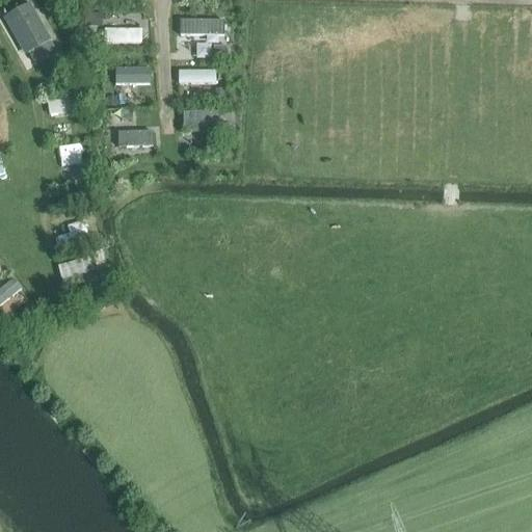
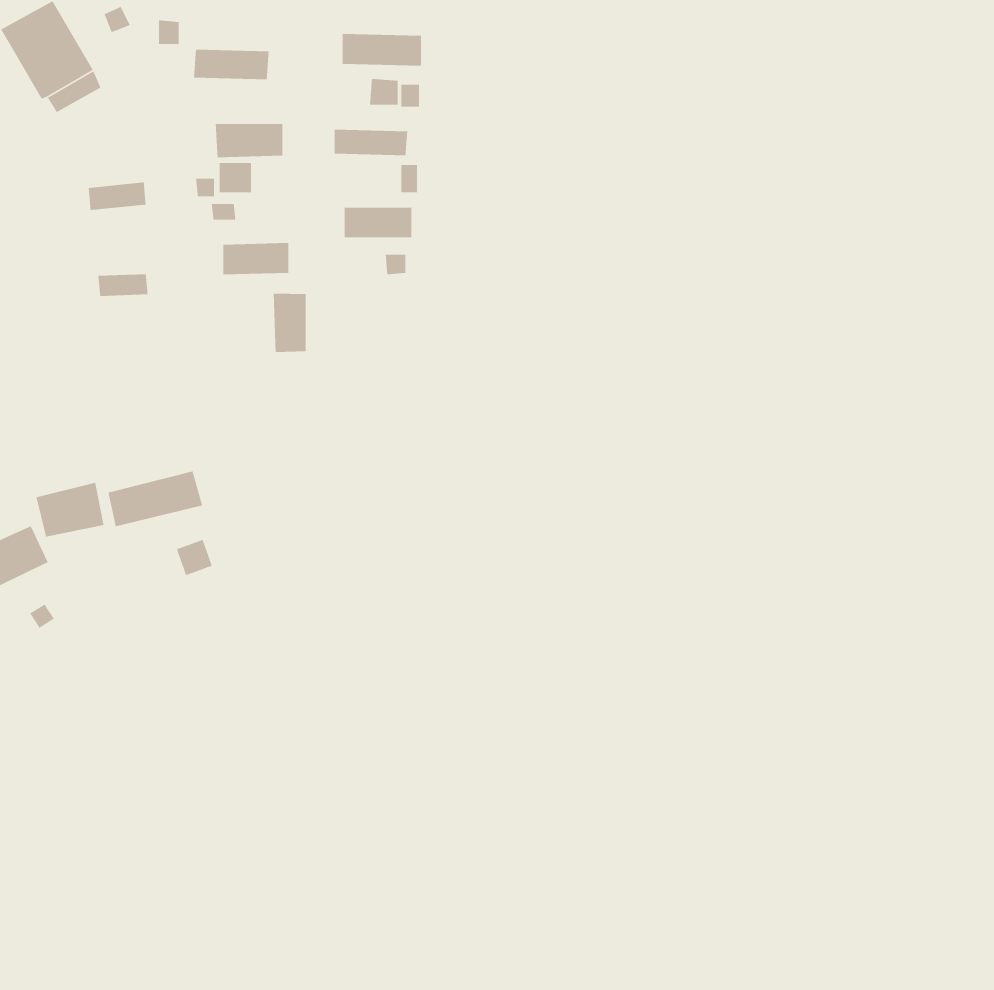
building: none -> [273,293,306,353]
building: none -> [35,482,105,538]

